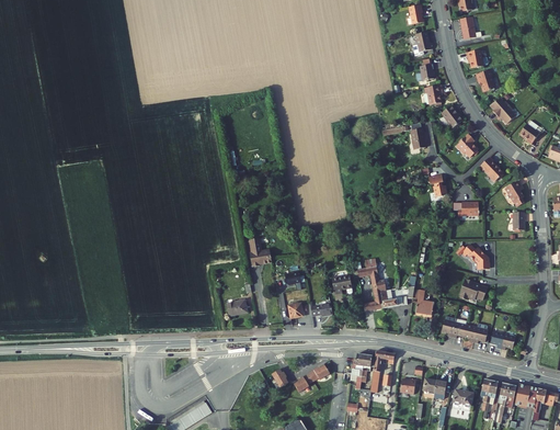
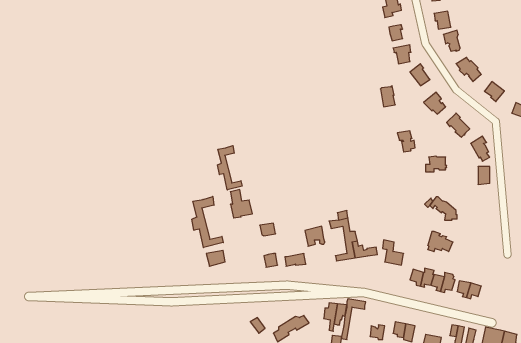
building: none -> [218,146,242,190]
building: none -> [192,196,223,248]

